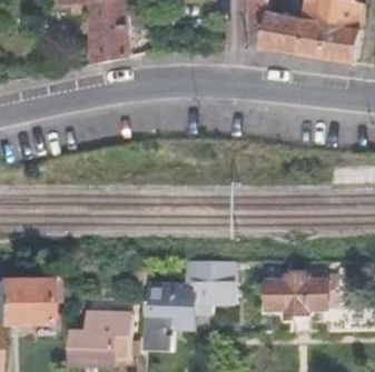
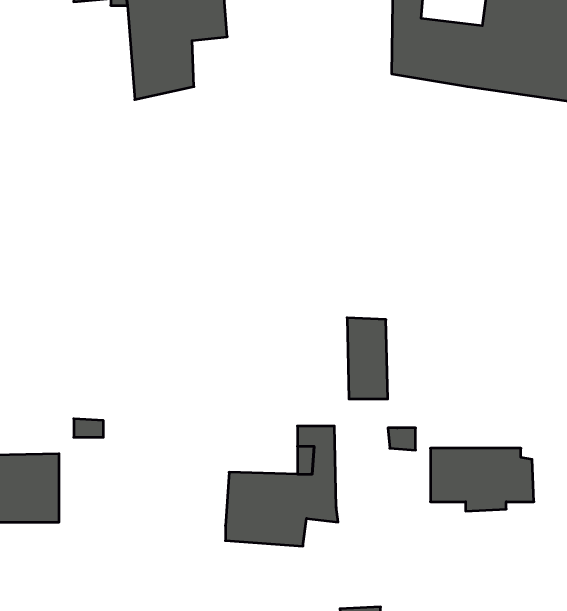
building: [214,260,238,309] -> [347,318,388,399]
building: [76,311,136,365] -> none

